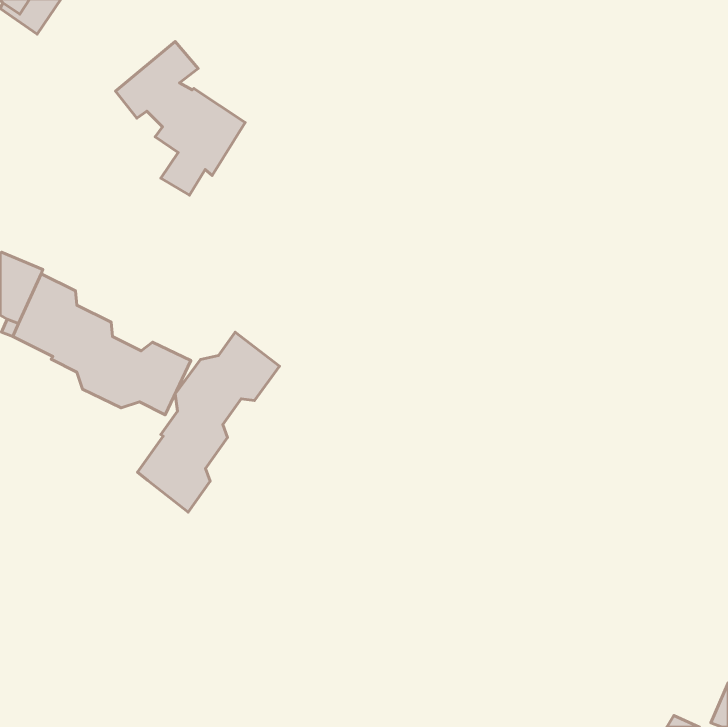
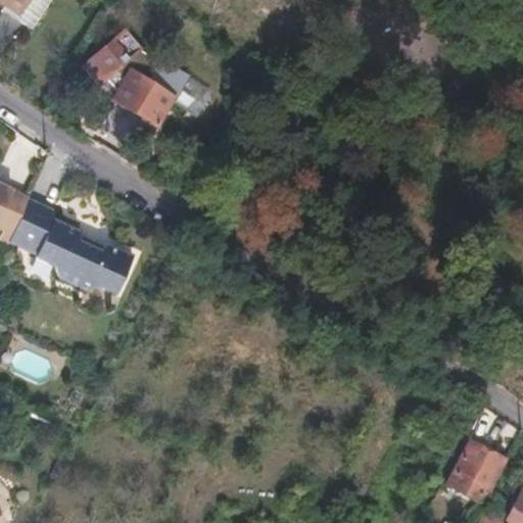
building: [138,332,280,512] -> none
building: none -> [454,441,504,488]

